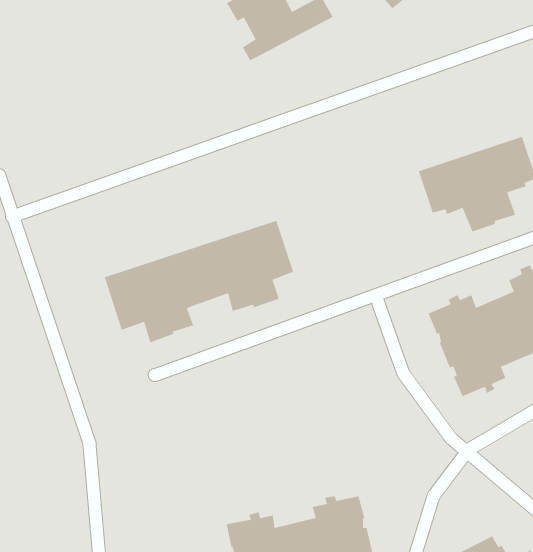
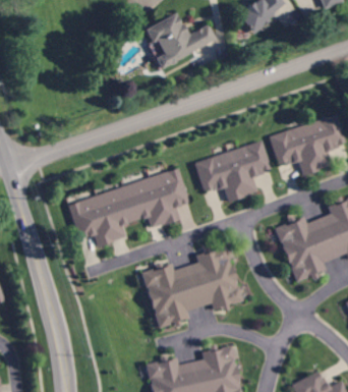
building: none -> [193,141,270,203]
building: none -> [141,245,244,330]

